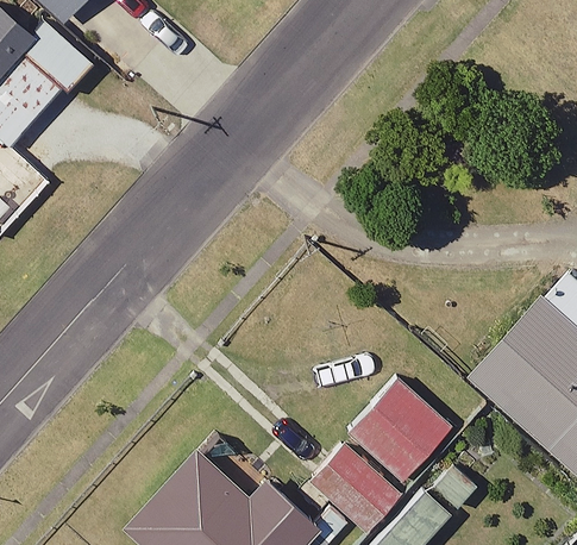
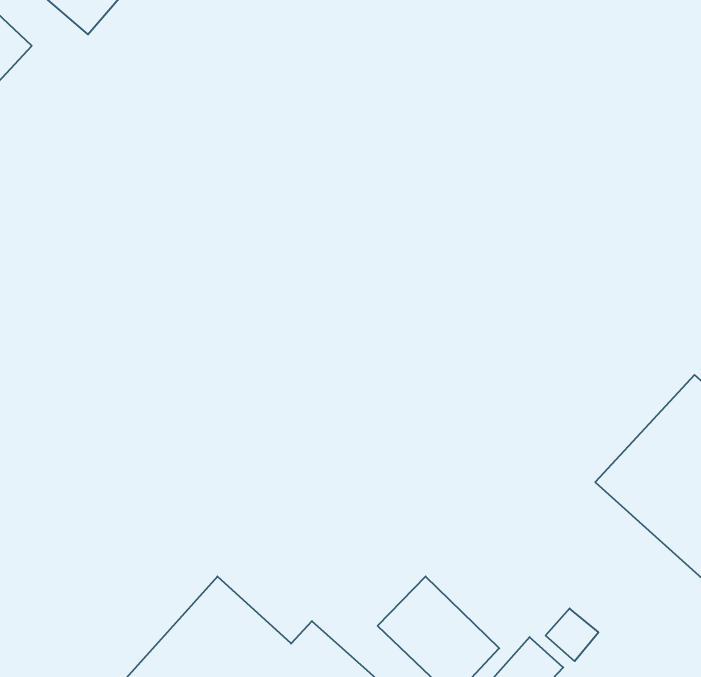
building: [349,377,451,480] -> none

